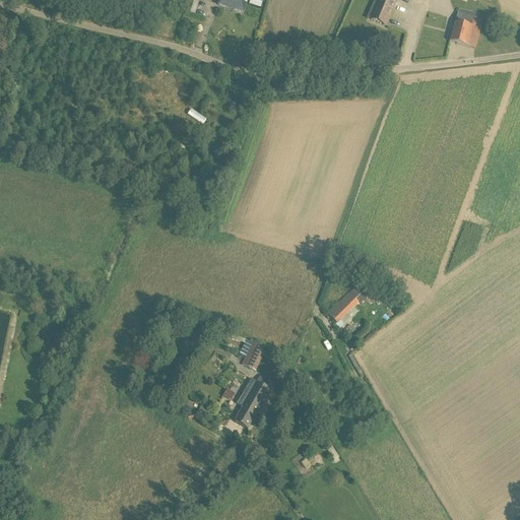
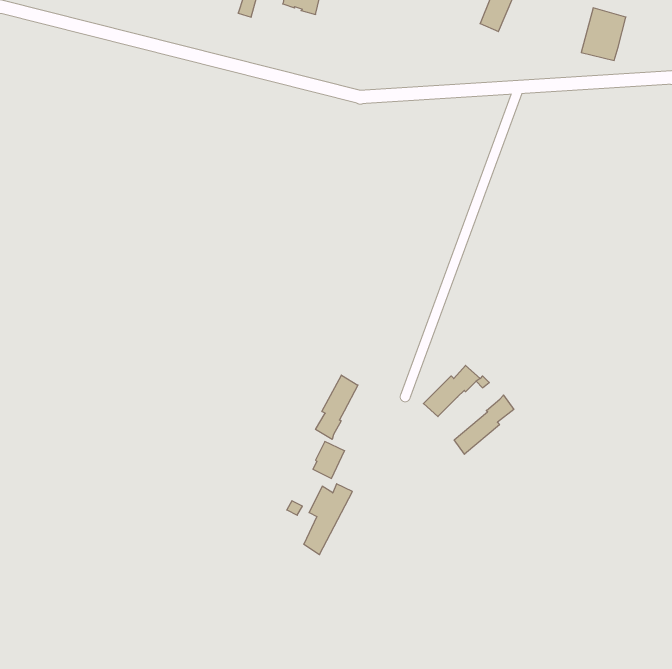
building: none -> [316,375,358,439]
building: none -> [454,395,514,454]

